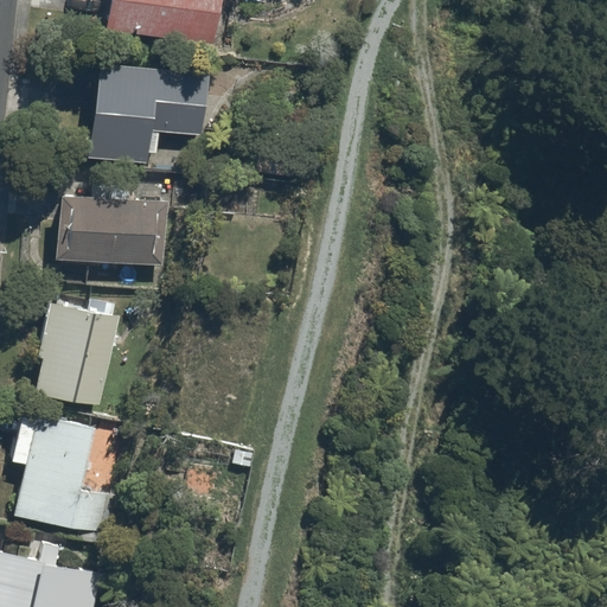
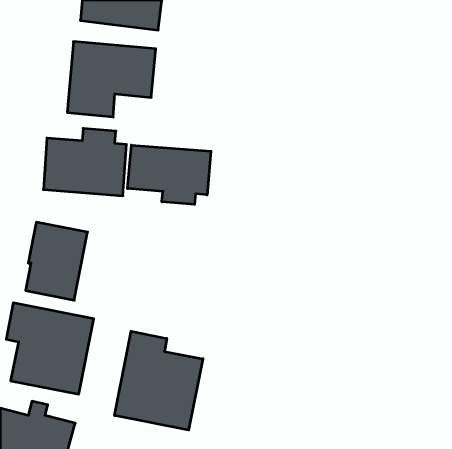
building: none -> [128,145,211,204]
building: none -> [115,331,203,430]

